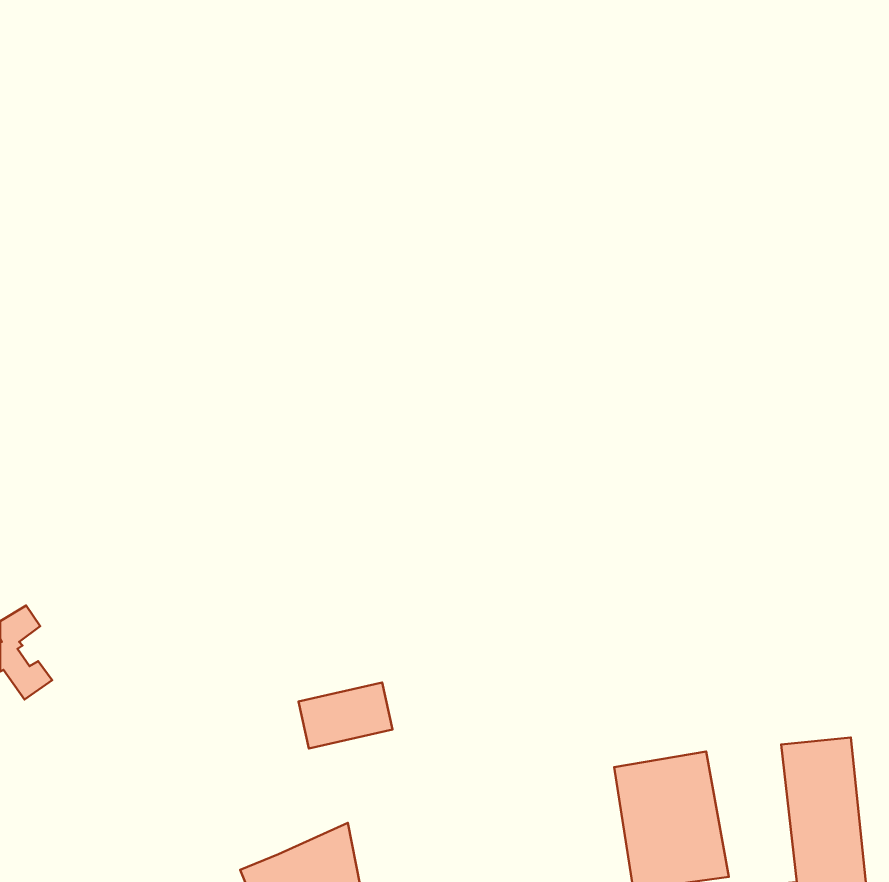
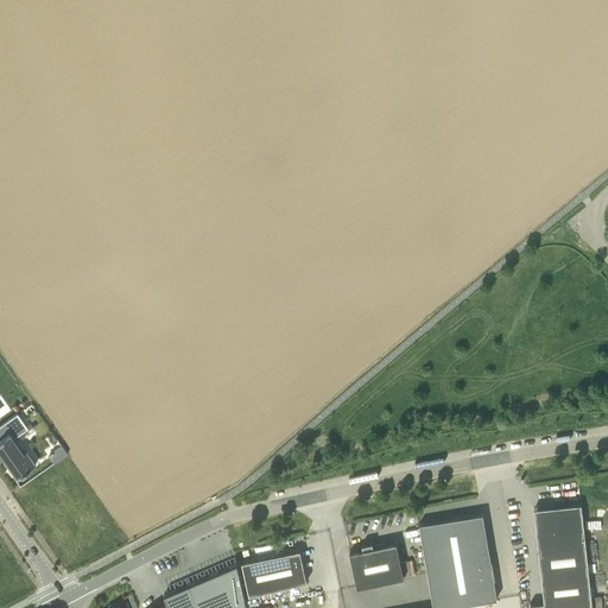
building: [299,682,393,749] -> [242,553,306,598]
building: none -> [349,545,404,591]

